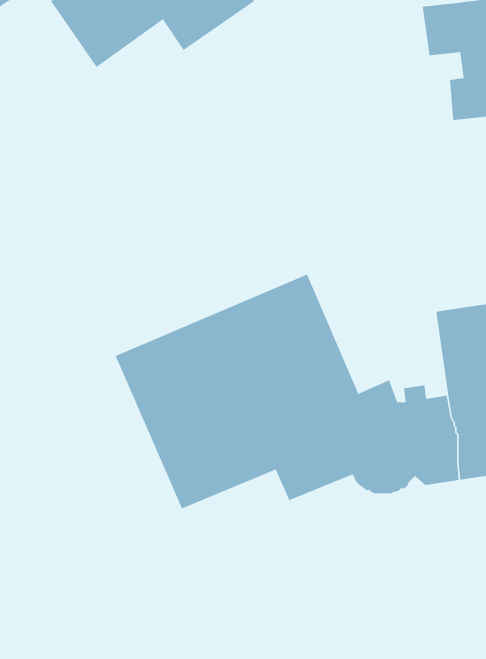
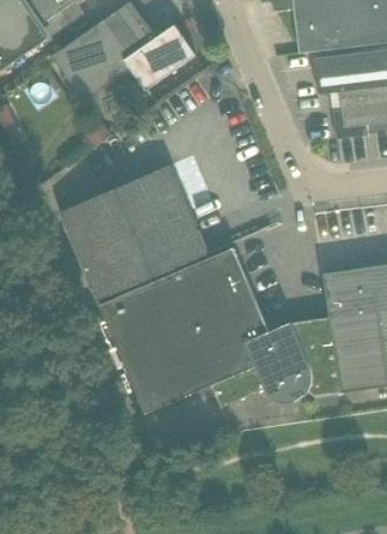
building: none -> [60,163,208,299]

